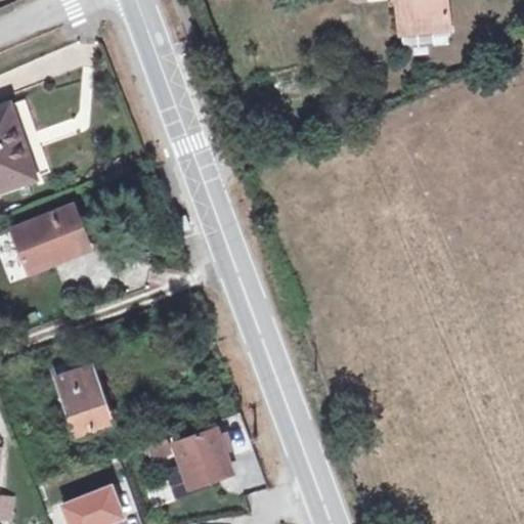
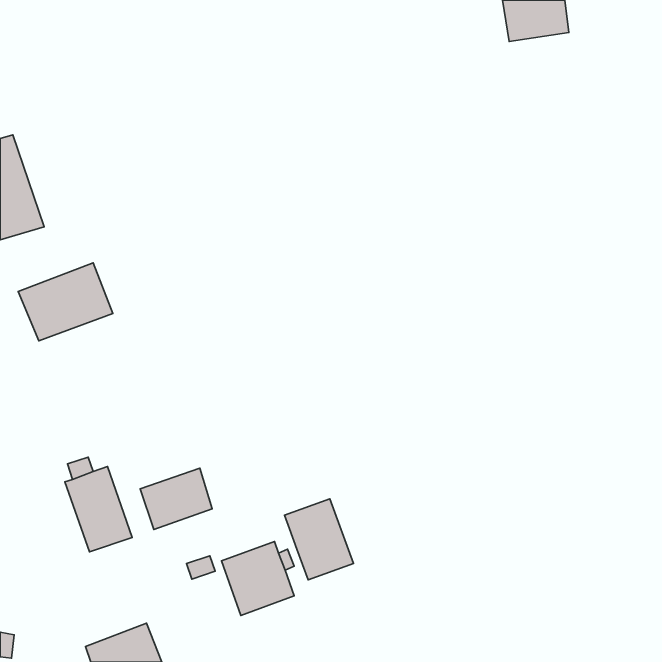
building: none -> [140,468,212,529]
building: none -> [284,499,354,580]

